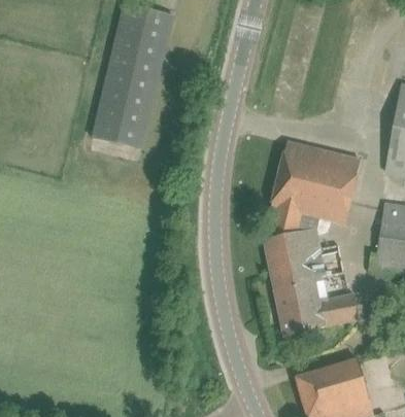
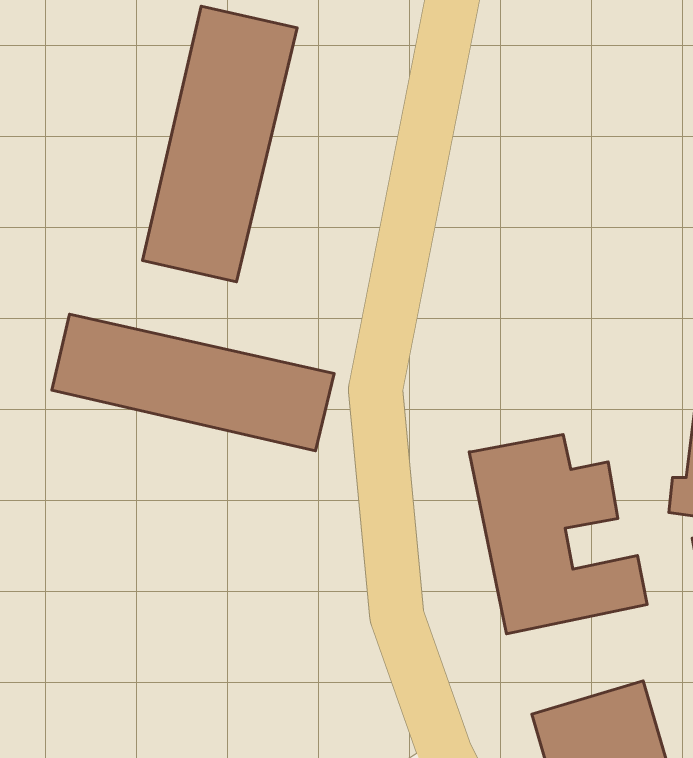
building: [265,141,360,239] -> none
building: none -> [52,314,334,451]

